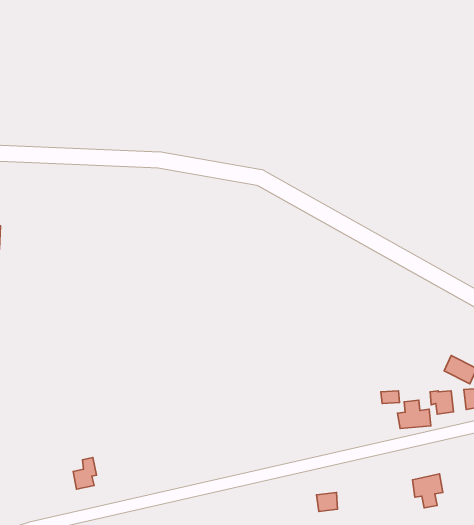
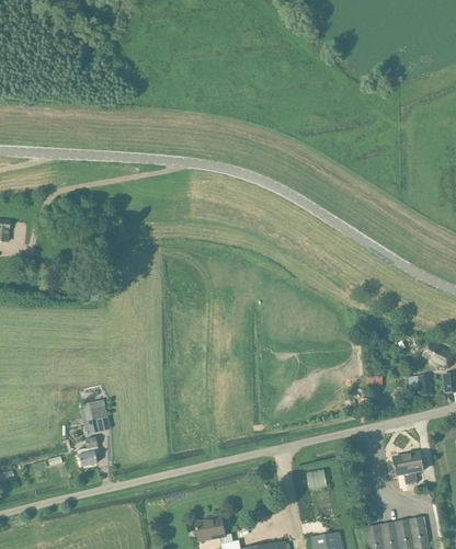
building: [397,400,431,429] -> none
building: none -> [81,400,109,435]

